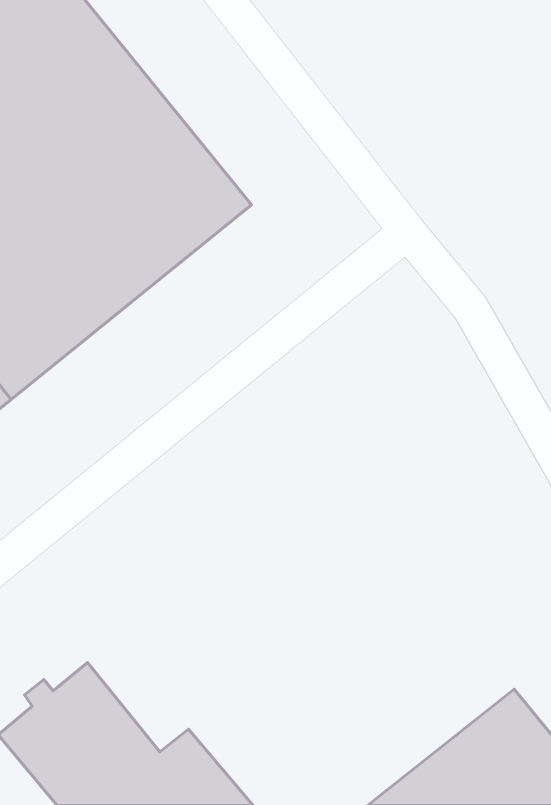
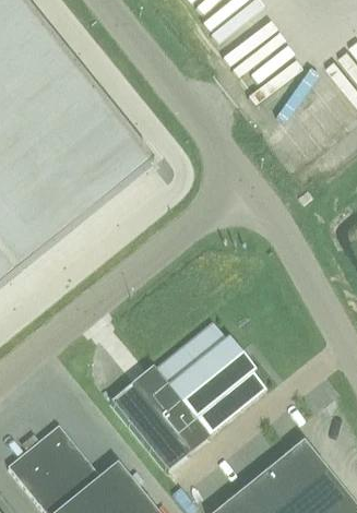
building: none -> [107,321,263,470]

